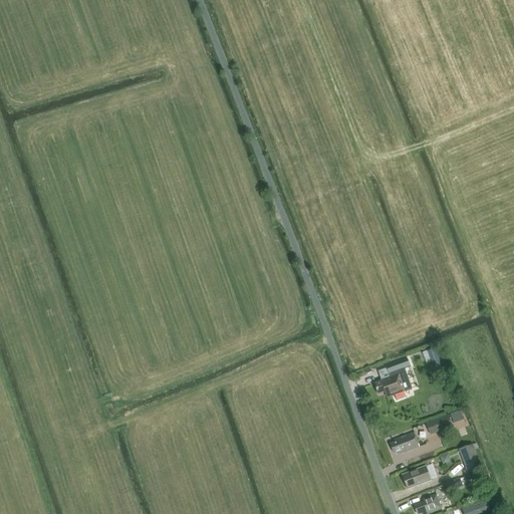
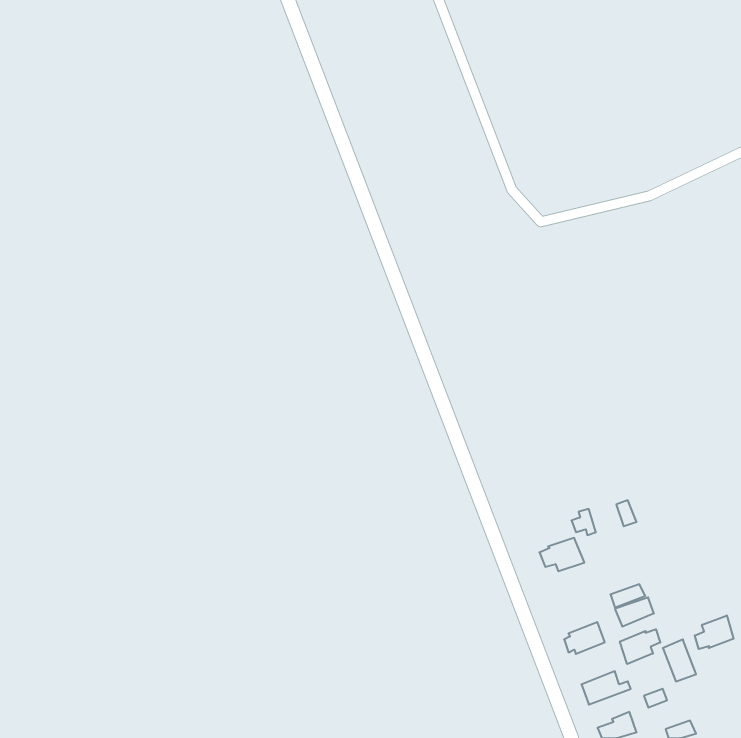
building: none -> [695,615,734,649]
building: none -> [620,629,660,664]

